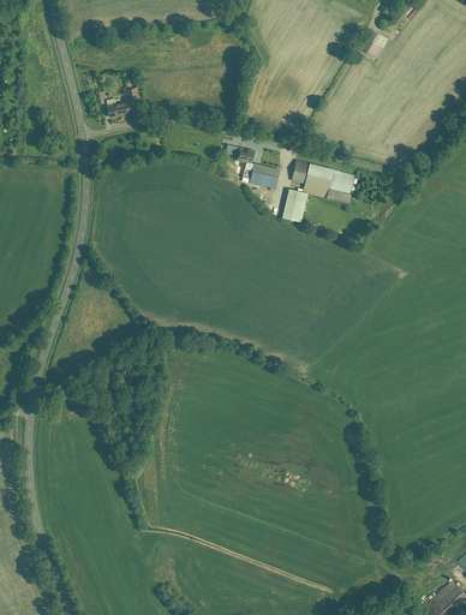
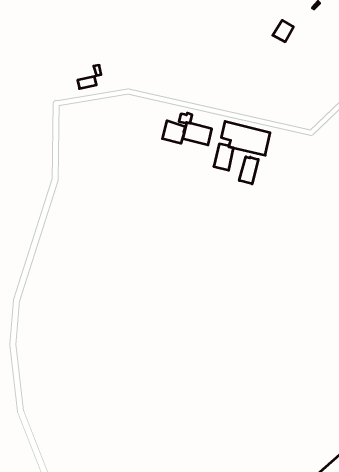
building: none -> [162,121,185,143]
building: none -> [239,157,258,184]

